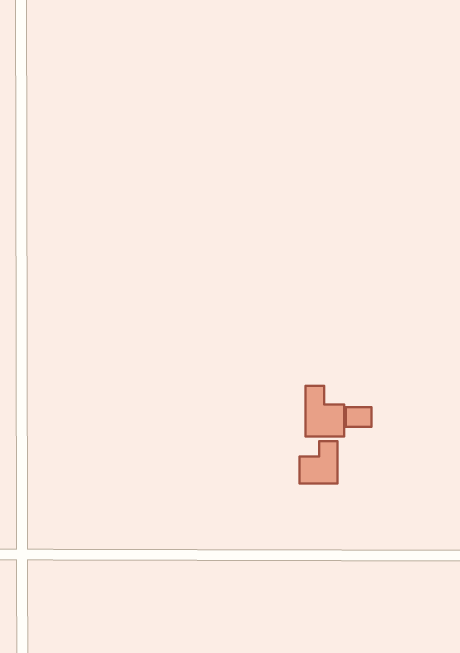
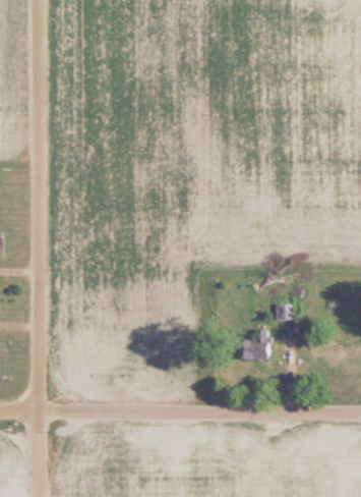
building: [306,386,344,437] -> none

